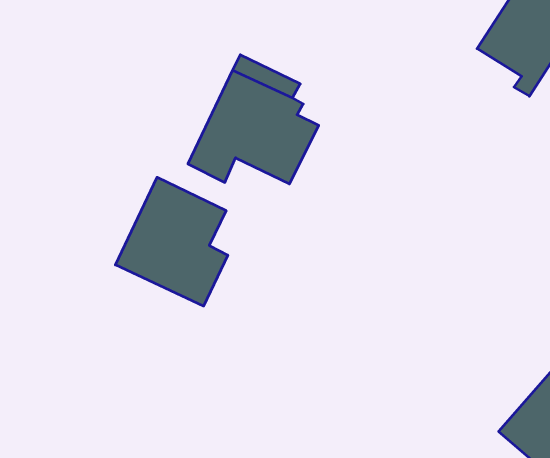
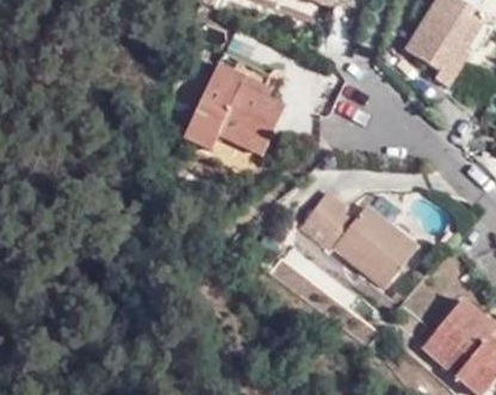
building: [115,177,228,306] -> none
building: none -> [300,192,417,286]

